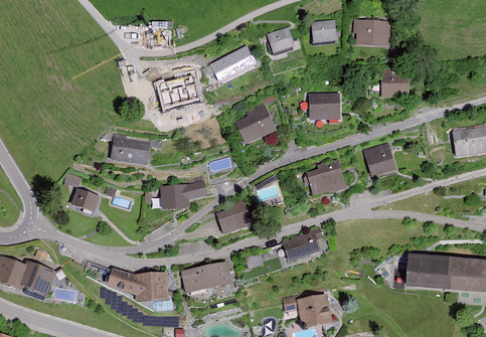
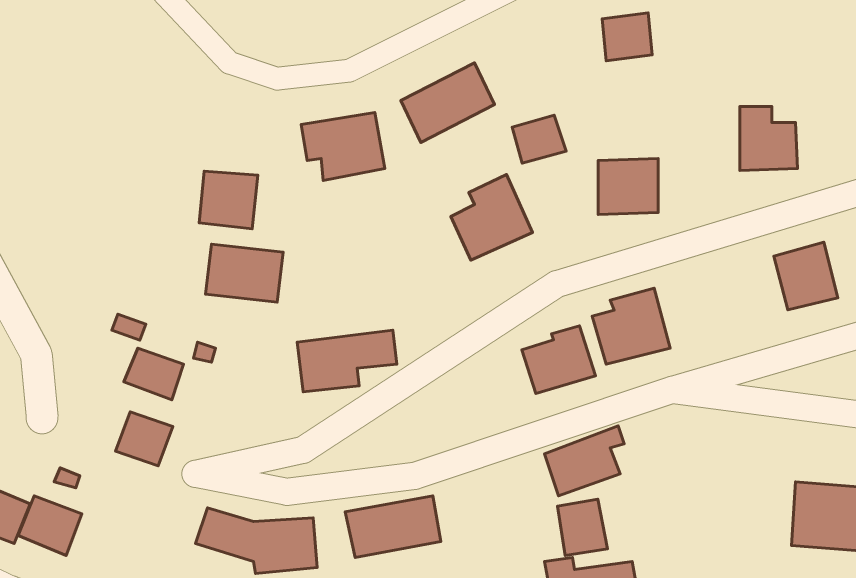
building: [355,18,390,45] -> none
building: [268,26,295,50] -> [512,115,566,163]
building: none -> [199,171,258,229]
building: [364,142,396,176] -> [774,242,838,310]
building: [215,200,253,234] -> [522,326,596,394]
building: none -> [115,412,173,466]
building: none -> [557,499,607,556]

